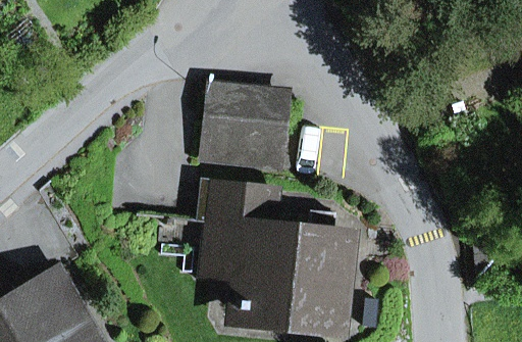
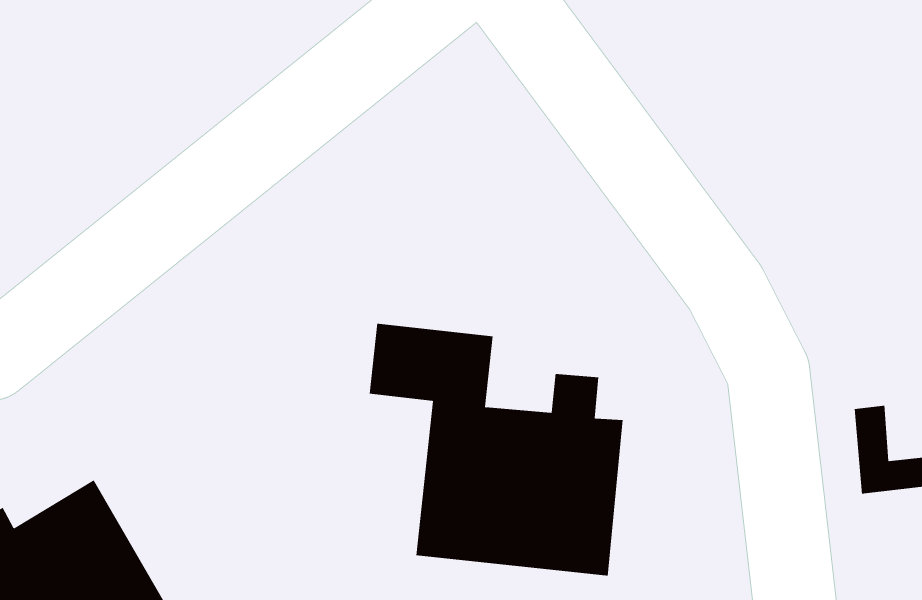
building: [201,94,285,168] -> none

